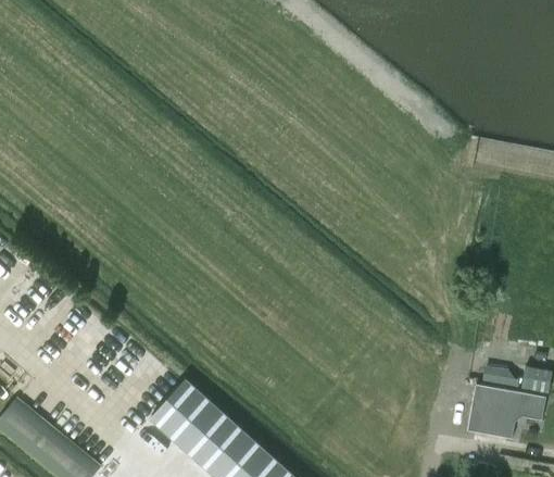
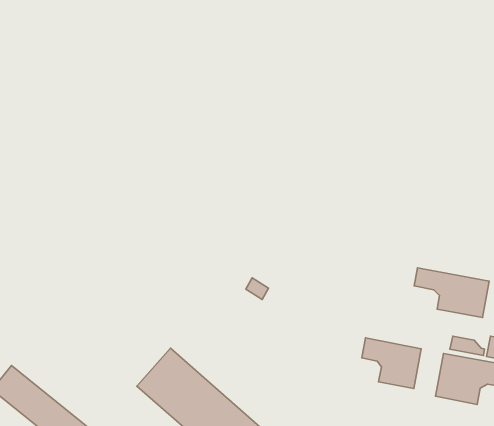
building: none -> [414,268,489,317]
building: none -> [362,338,421,388]

